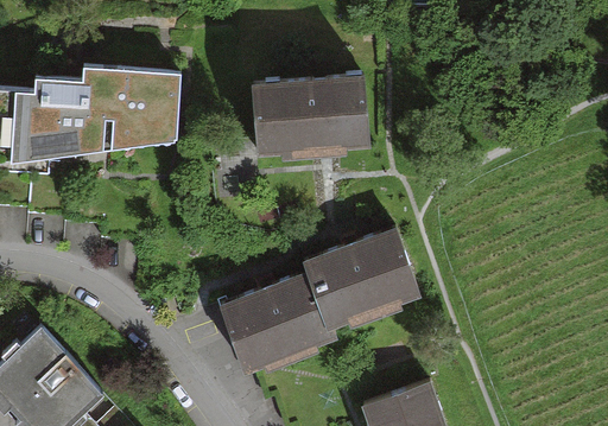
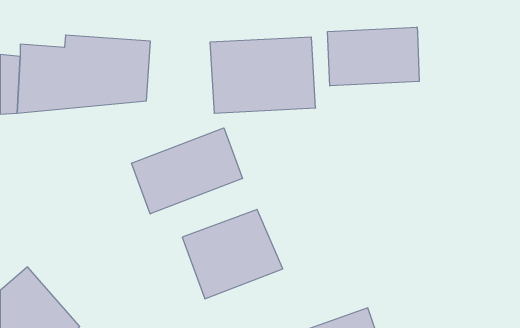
building: none -> [328,27,419,86]
building: none -> [132,128,242,214]
building: [302,230,426,336] -> none

